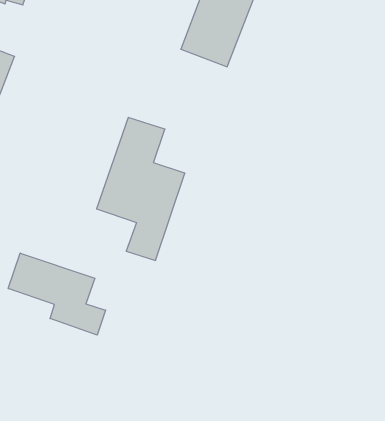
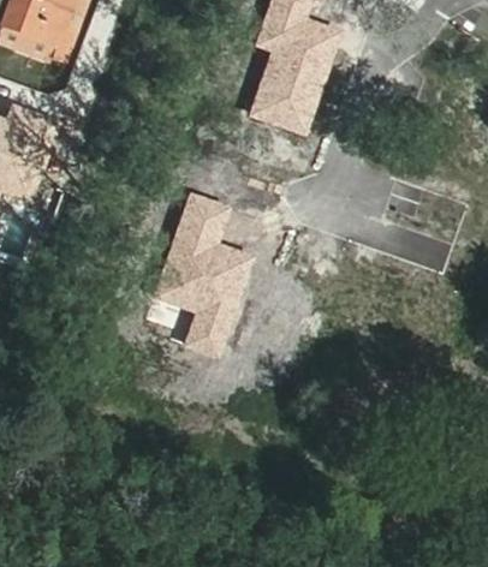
building: [8,253,106,335] -> none

